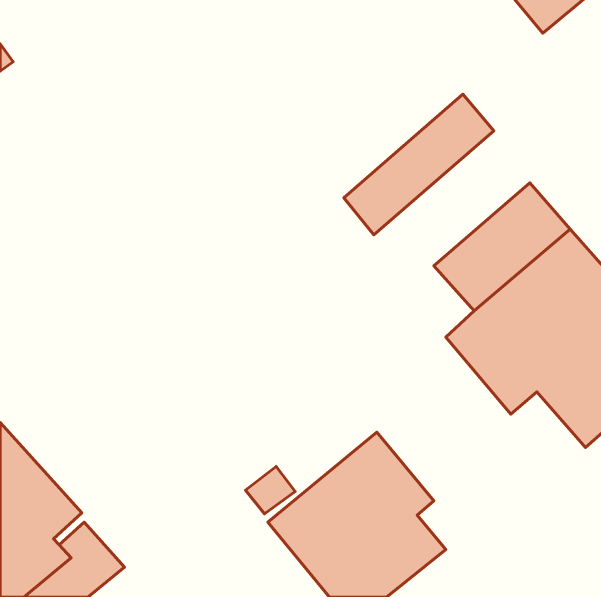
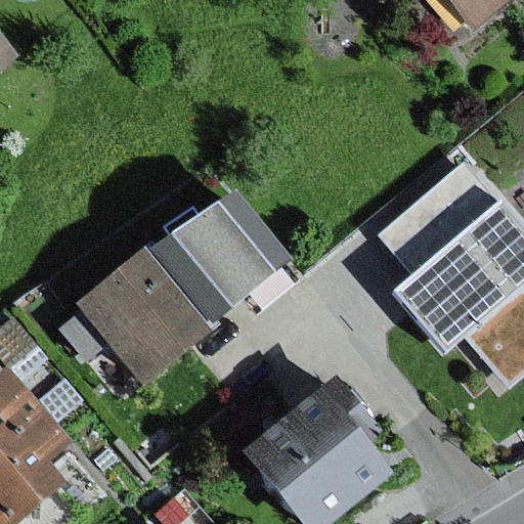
building: [344,94,494,235] -> none
building: none -> [76,190,290,389]

